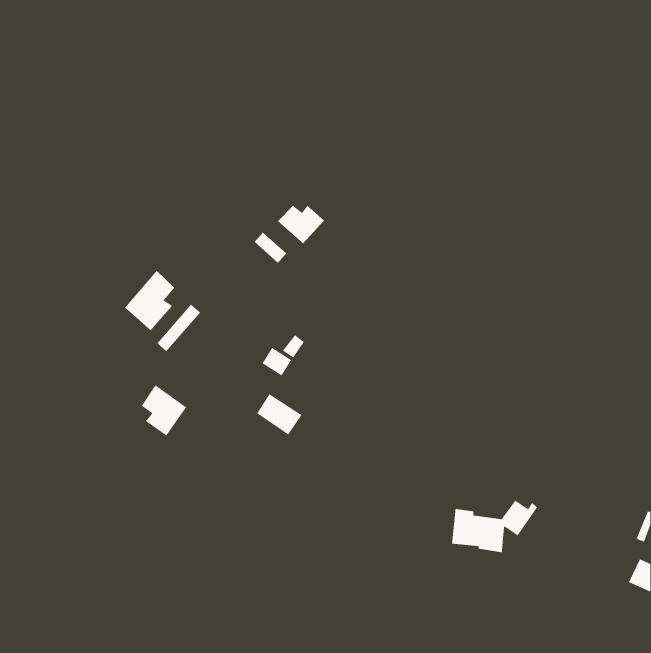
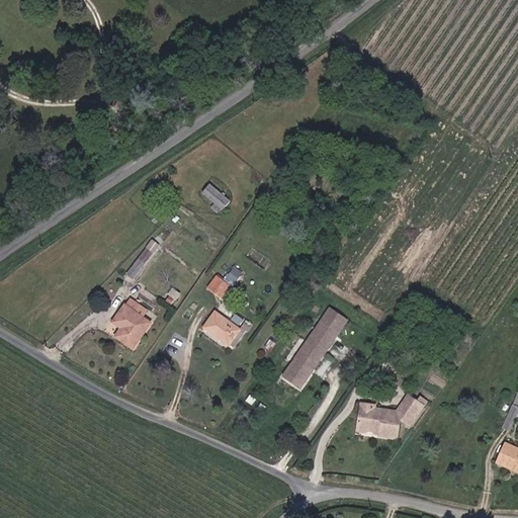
building: [277,205,325,244] -> none
building: [124,270,175,331] -> none
building: none -> [285,305,349,386]

